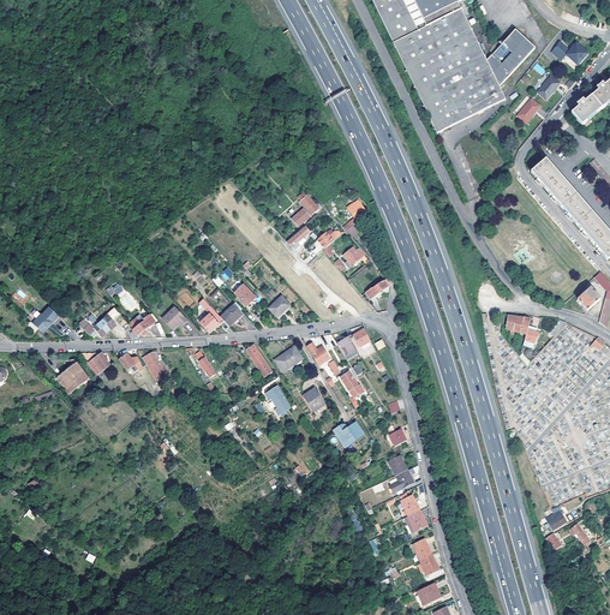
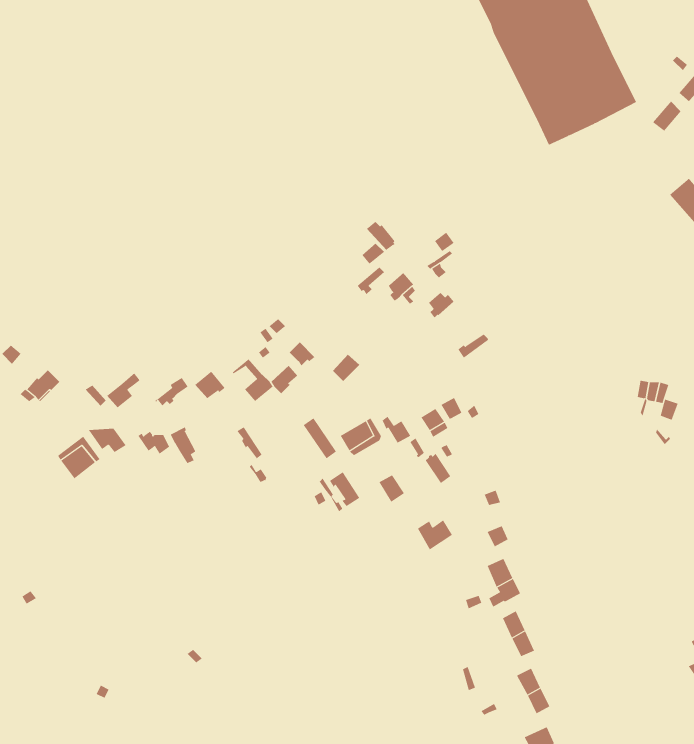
building: [486,32,533,84] -> none

